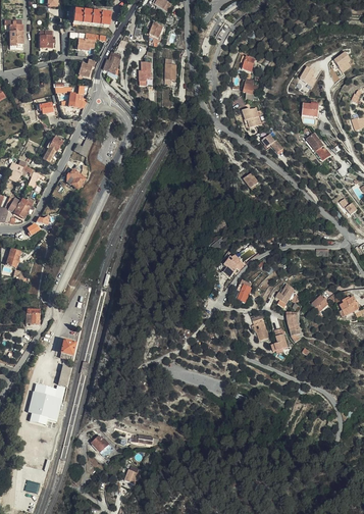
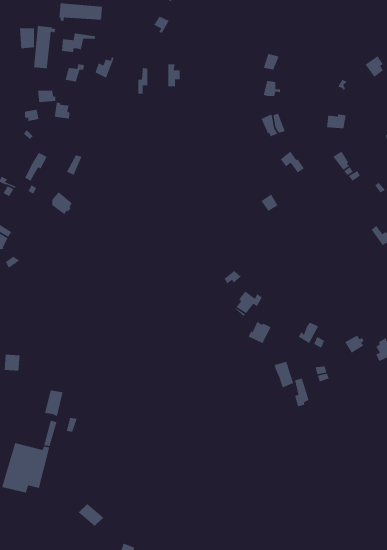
building: none -> [33,25,56,69]

